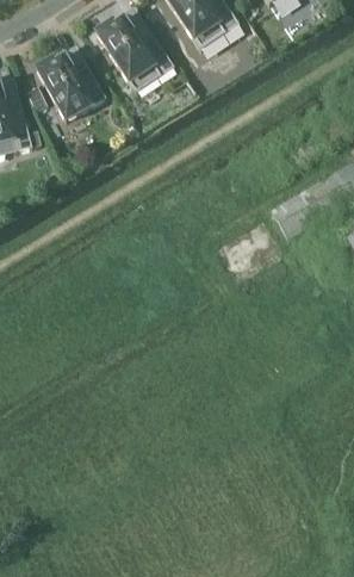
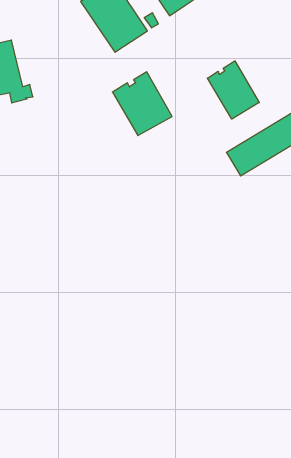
building: [37,46,107,122] -> [112,72,172,136]
building: none -> [207,61,259,119]

